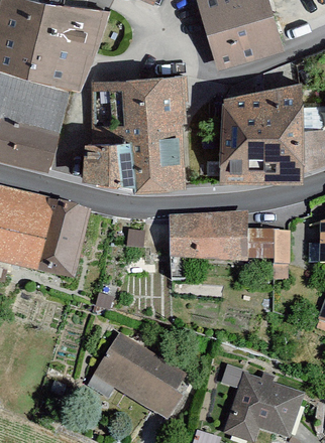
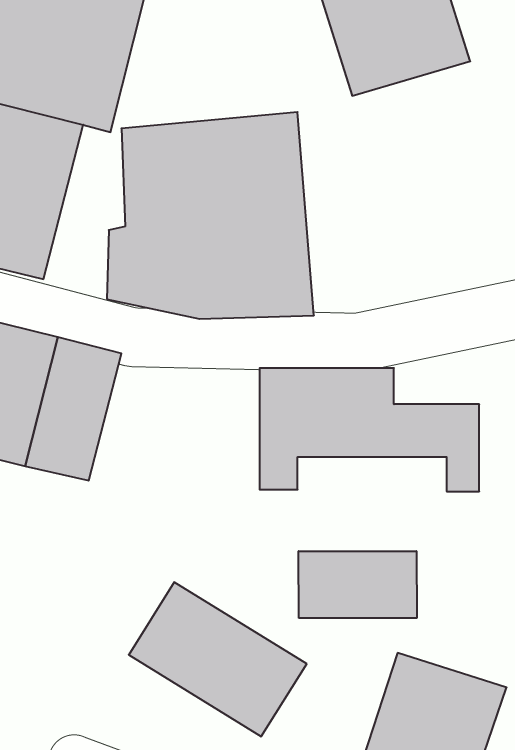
building: [218,78,302,179] -> none
building: none -> [299,551,417,618]

